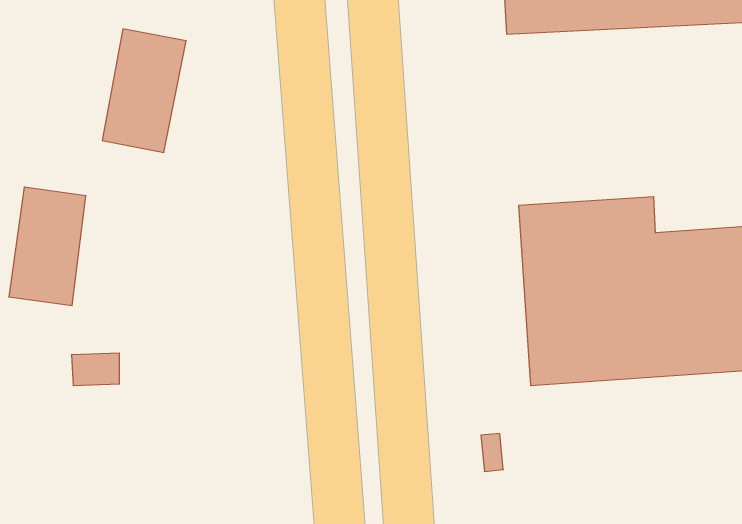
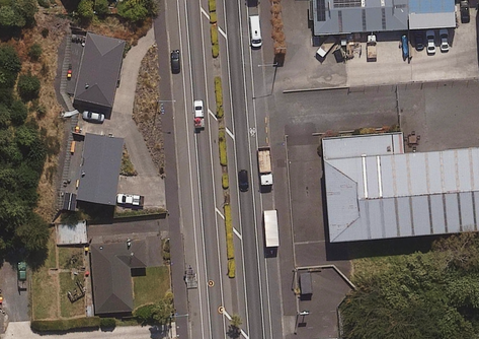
building: [9,187,86,305] -> [78,134,124,204]
building: none -> [90,242,146,313]

